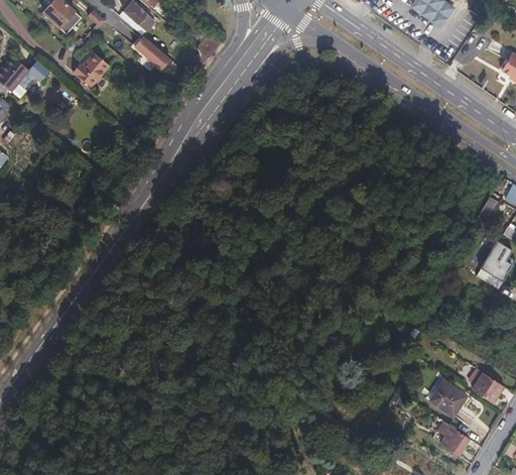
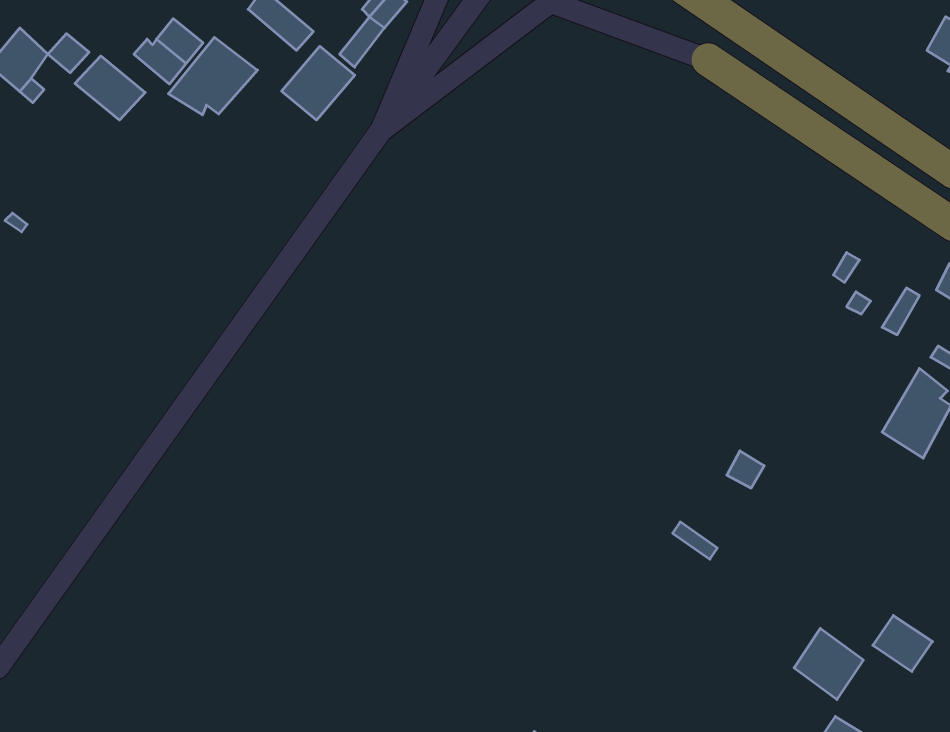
building: none -> [168,37,258,115]
building: none -> [282,46,355,120]
building: none -> [75,56,145,120]

